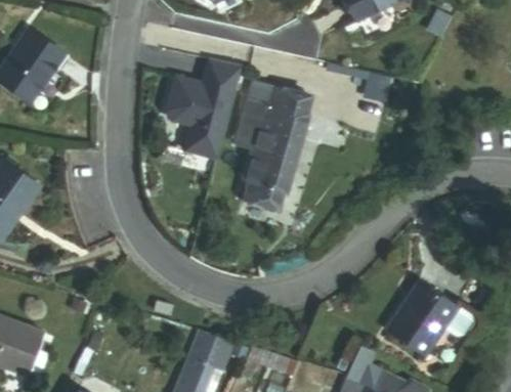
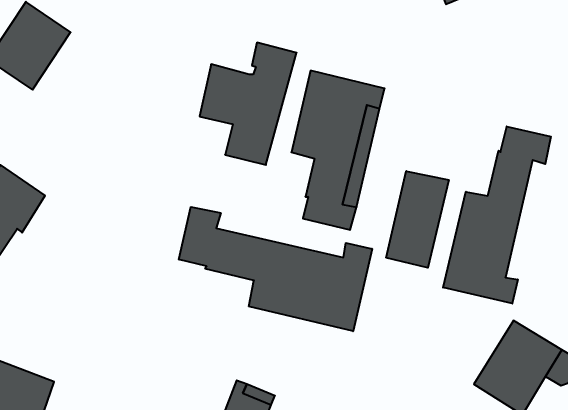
building: none -> [443,126,551,304]
building: none -> [386,171,449,268]
building: none -> [179,207,372,331]

